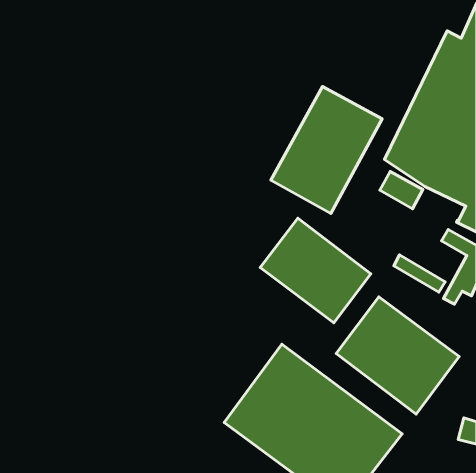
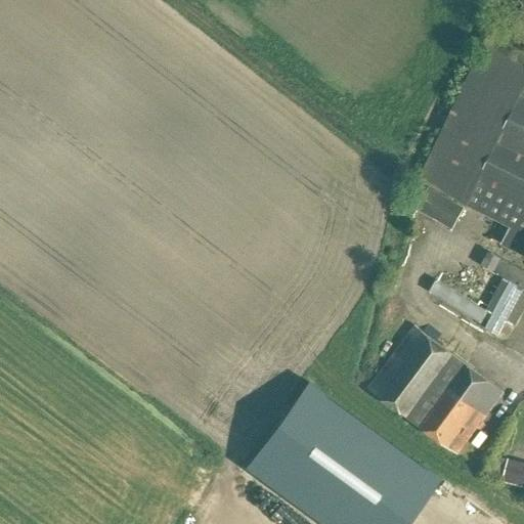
building: [271,86,382,213] -> none
building: [260,218,371,323] -> none

